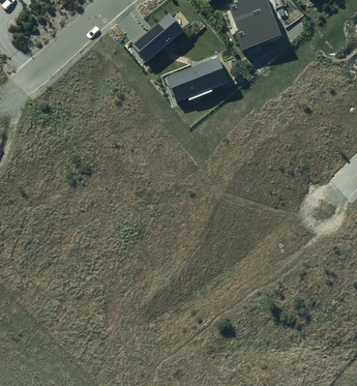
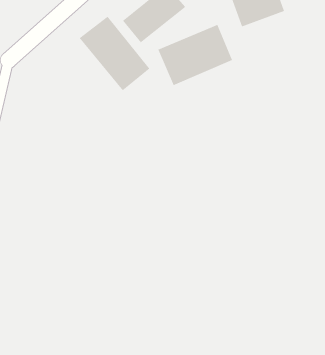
building: none -> [79,16,150,91]

